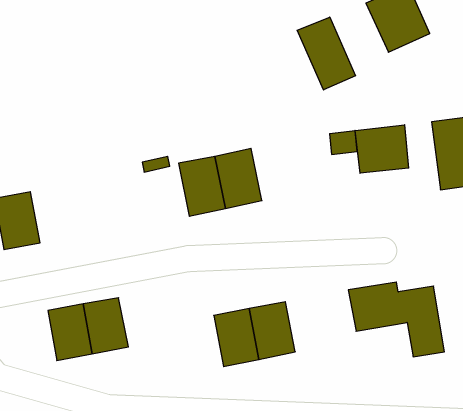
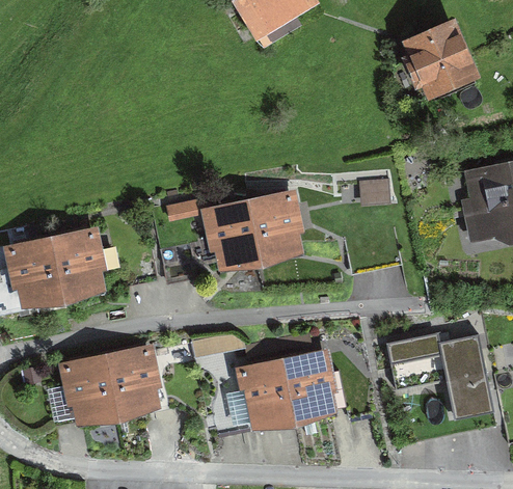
building: [297,17,355,90] -> none
building: [355,125,409,173] -> none
building: none -> [49,233,99,294]

